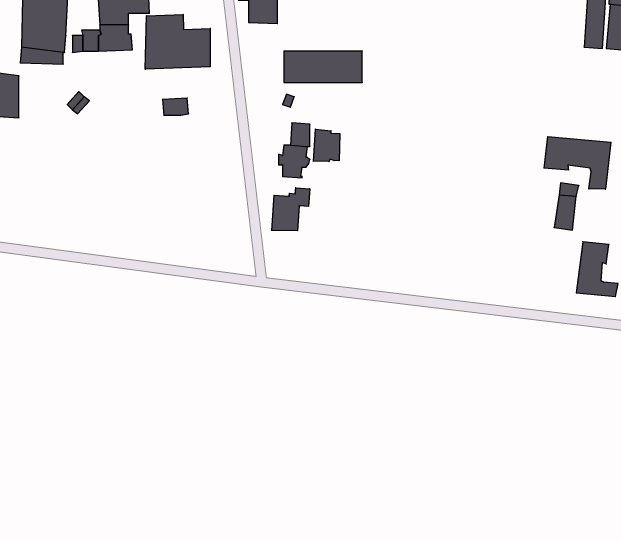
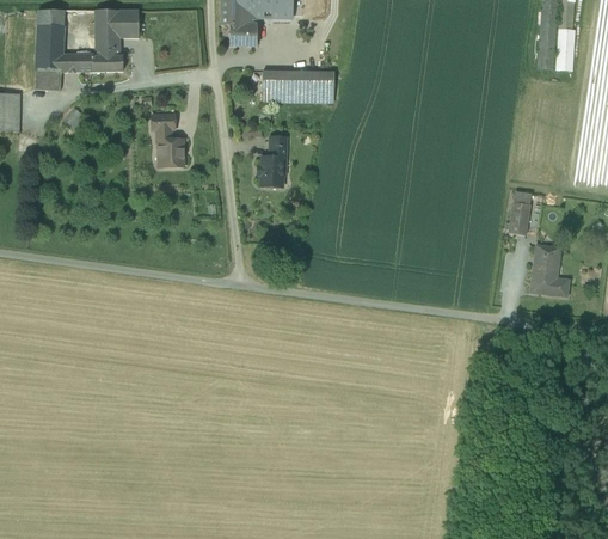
building: [145,14,210,69] -> none
building: none -> [158,129,184,166]
building: [313,129,340,162] -> none
building: [544,137,611,189] -> none
building: [272,188,310,231] -> none

